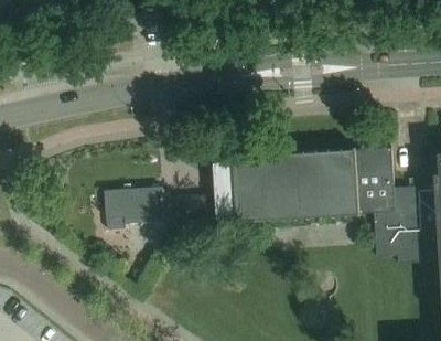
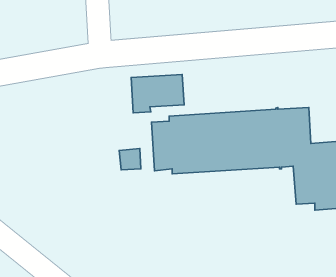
building: [106,187,165,230] -> [131,75,184,113]

